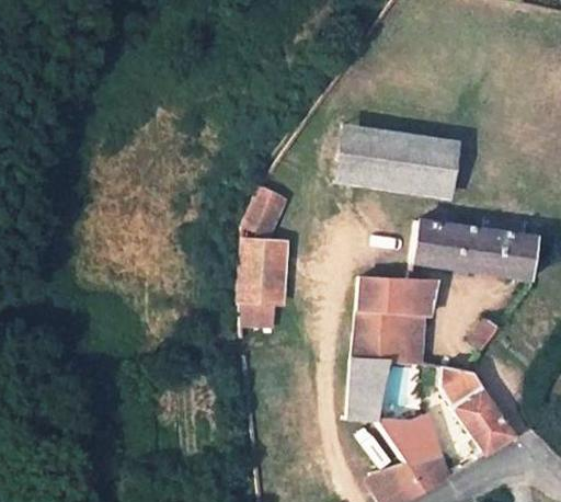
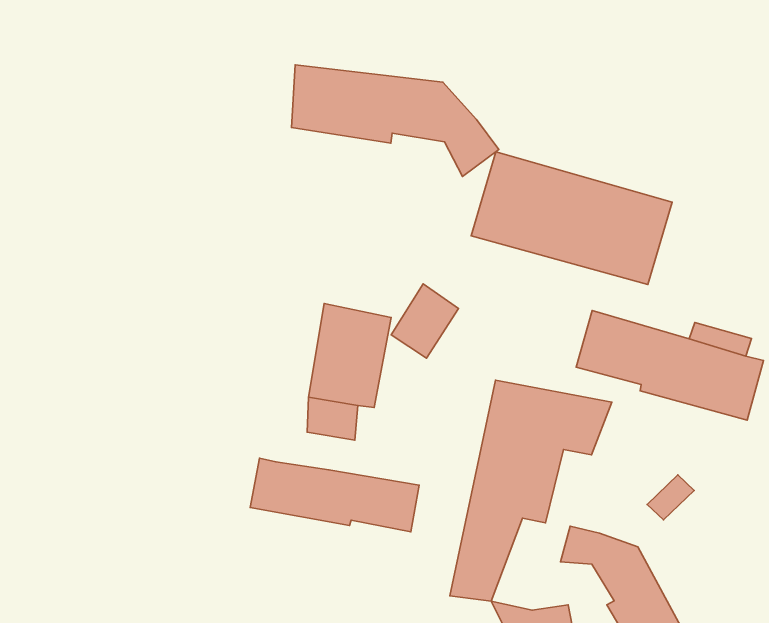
building: none -> [292,65,499,176]
building: [244,187,286,236] -> [391,284,458,358]
building: none -> [250,458,419,532]

